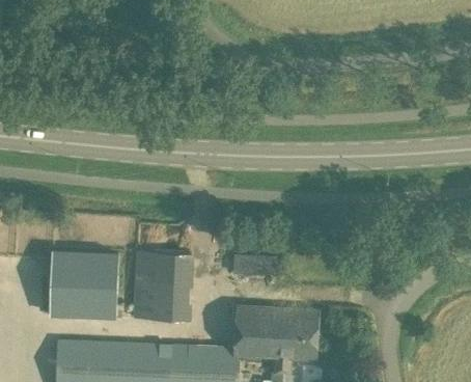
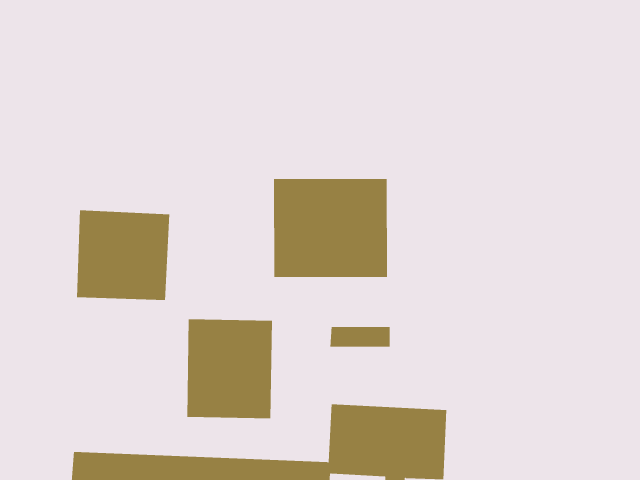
building: none -> [274,178,387,278]
building: [51,253,116,317] -> [76,210,170,301]

